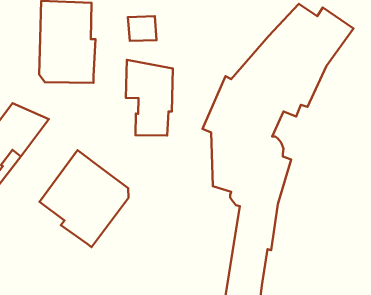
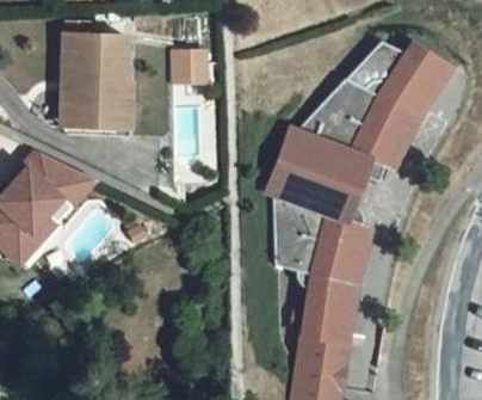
building: [126,60,173,136] -> none
building: [40,150,129,247] -> none

